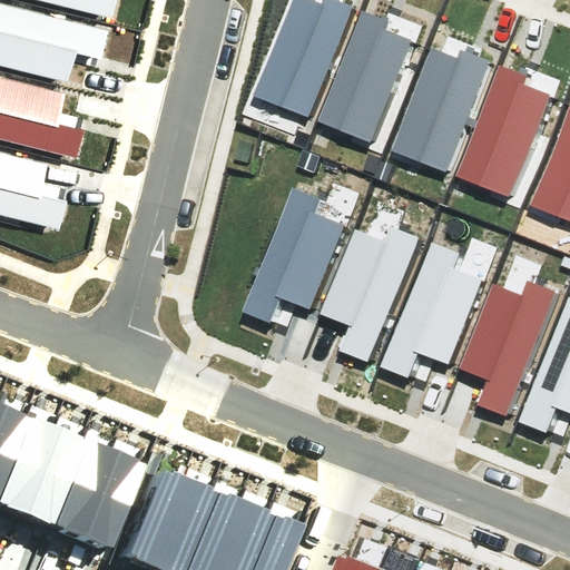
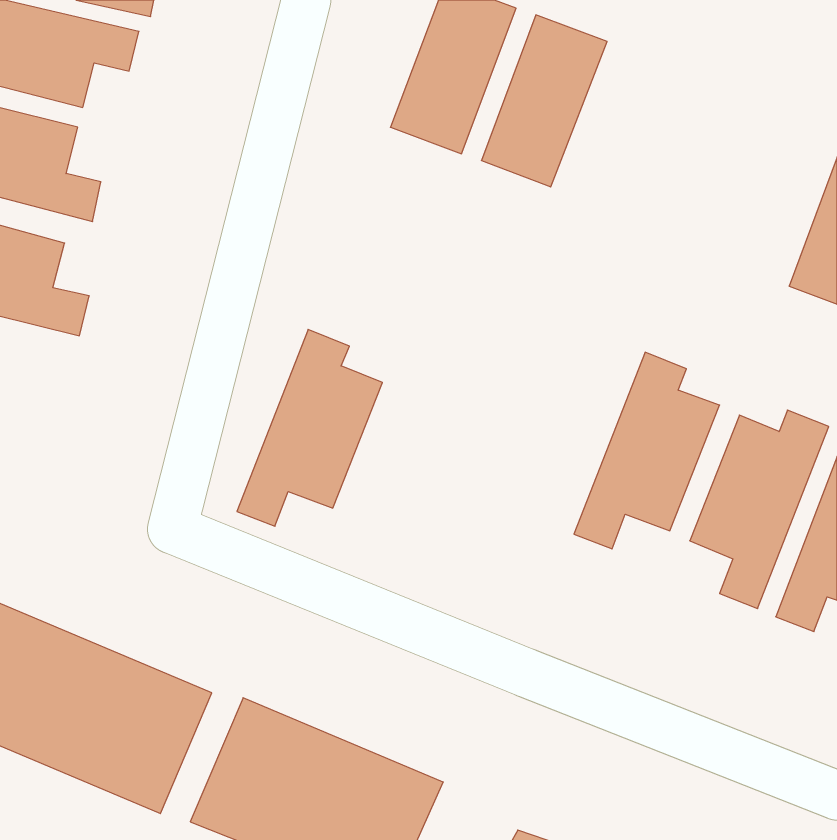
building: [393,46,478,161] -> none
building: [464,73,549,188] -> none
building: [249,189,347,322] -> [237,329,382,526]
building: [325,227,419,361] -> none

